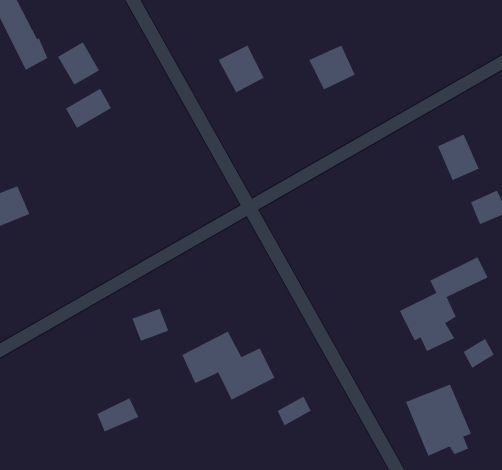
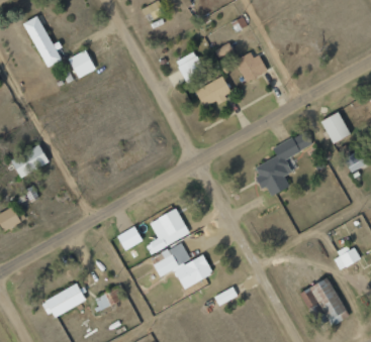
building: none -> [195,77,233,109]
building: [65,88,112,129] -> none
building: [399,256,488,352] -> [253,131,312,195]
building: none -> [146,208,190,253]
building: none -> [42,282,86,319]

